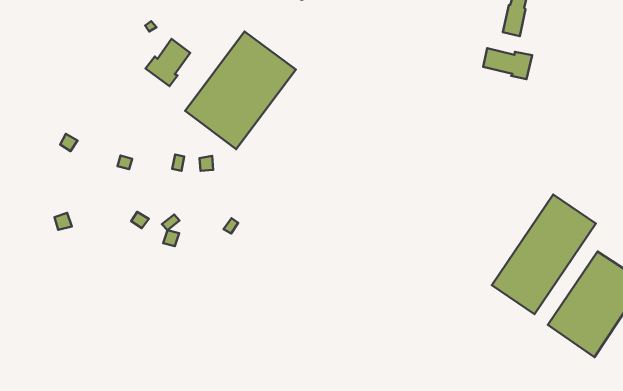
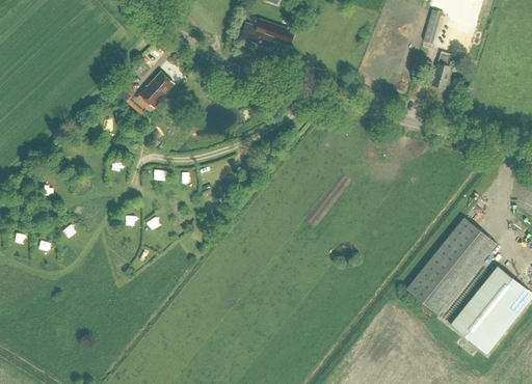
building: [185,31,296,149] -> none
building: [483,48,532,79] -> none

